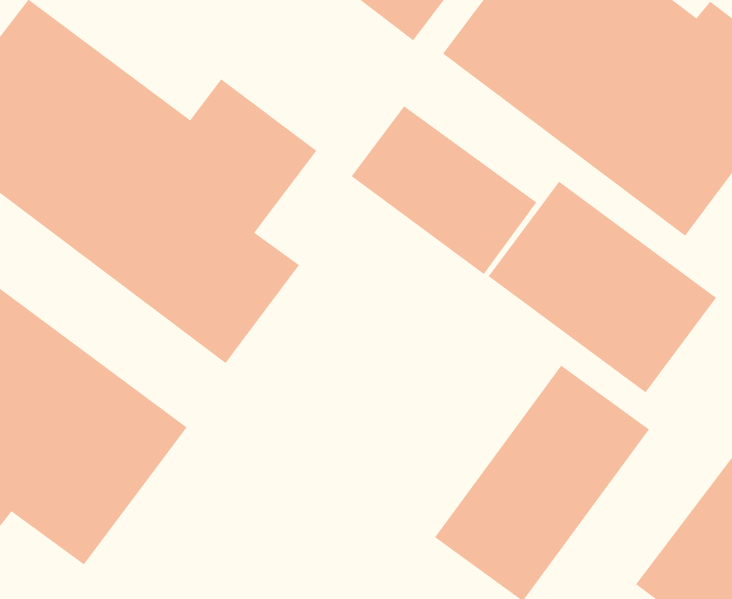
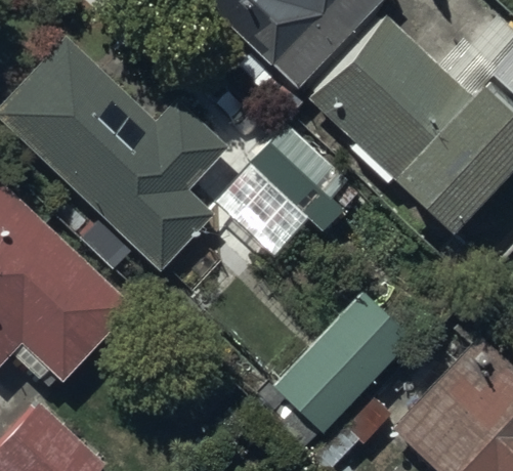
building: [488,181,717,393] -> none

